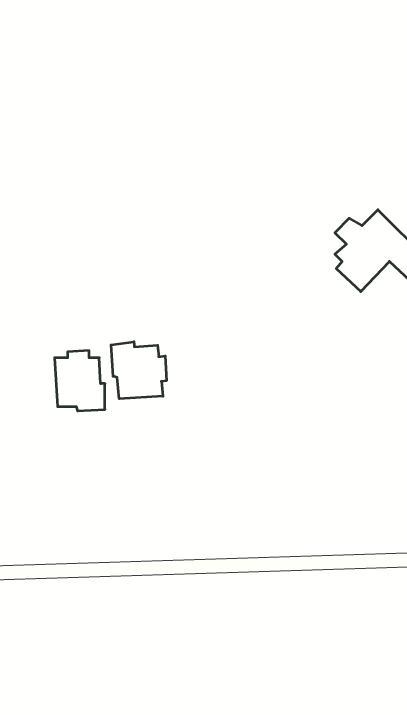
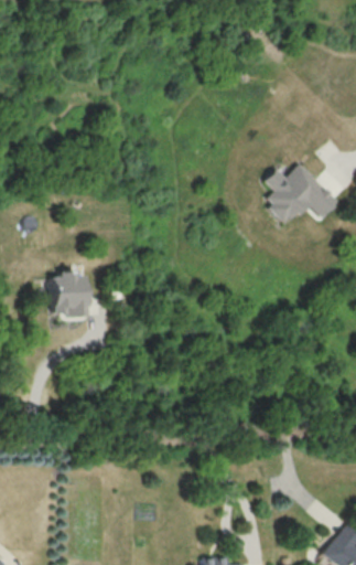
building: [111,342,166,399] -> none

